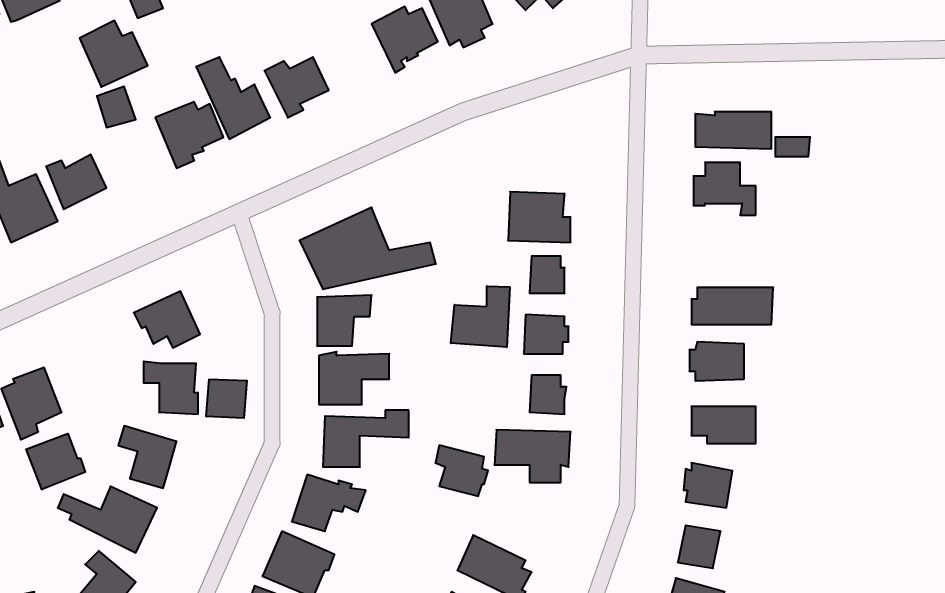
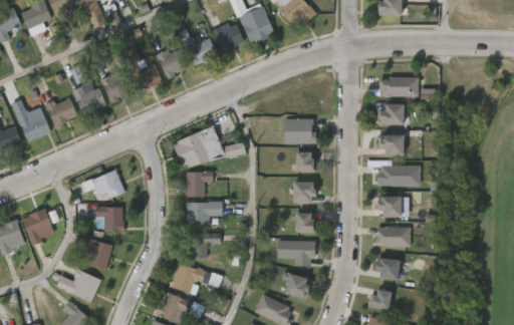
building: none -> [182,29,221,66]
building: [80,21,148,87] -> [72,82,107,116]
building: none -> [378,133,402,153]
building: [451,286,510,347] -> none
building: [206,379,247,418] -> none
building: [26,434,85,490] -> none
building: [435,445,488,496] -> [281,271,308,297]

